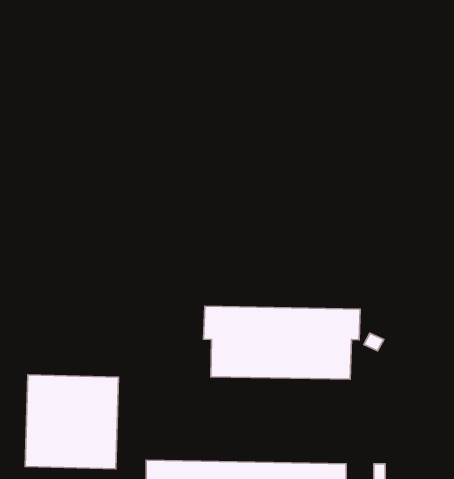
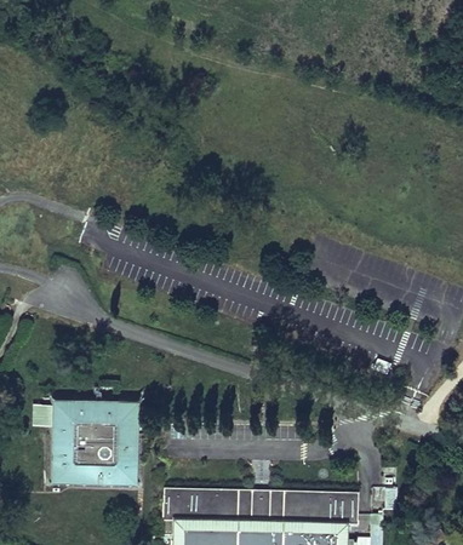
building: [204,306,360,379] -> none

